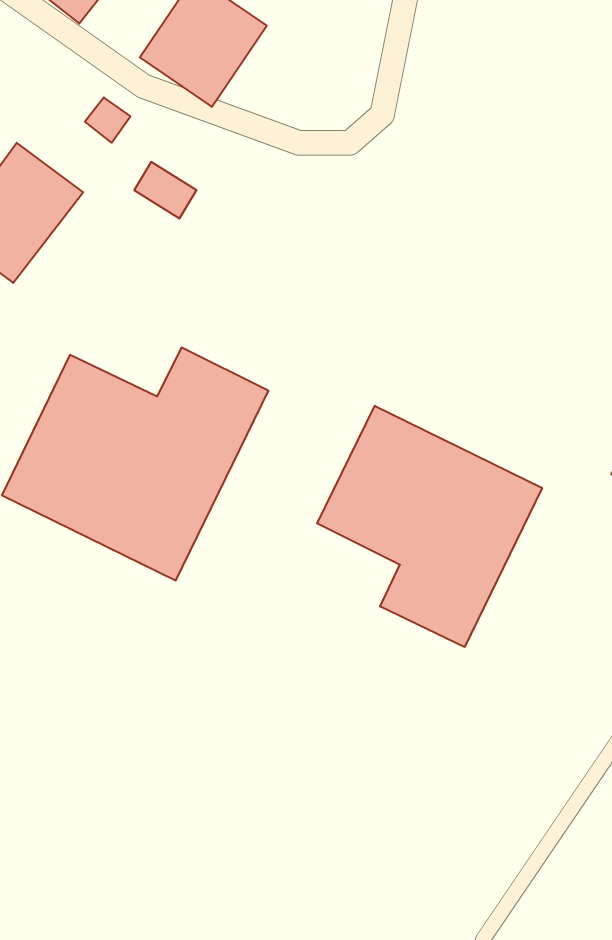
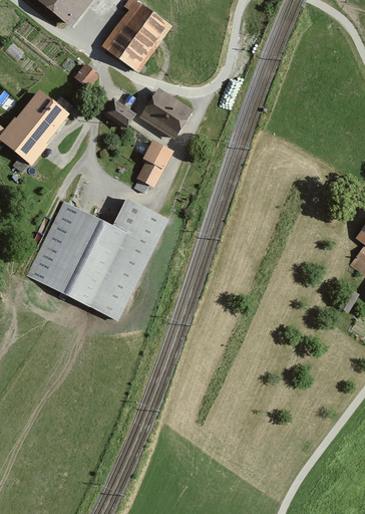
building: none -> [138,87,190,137]
building: none -> [137,138,173,186]
building: [317,406,542,647] -> none

